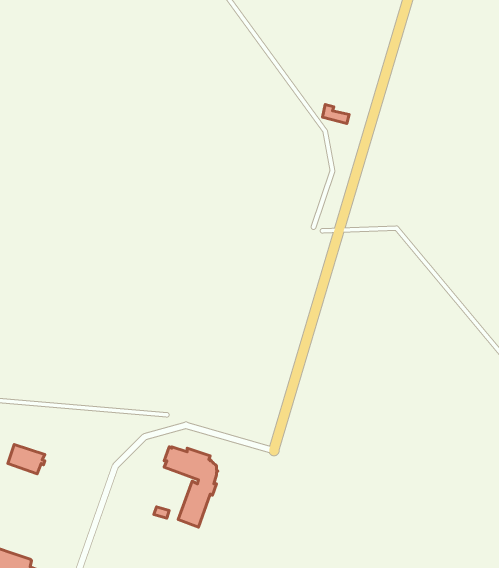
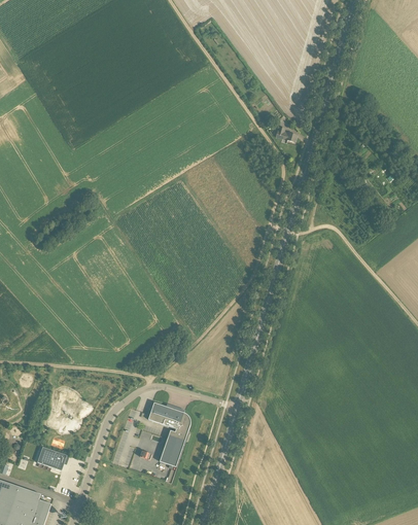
building: [8,444,45,474] -> [37,448,67,471]

